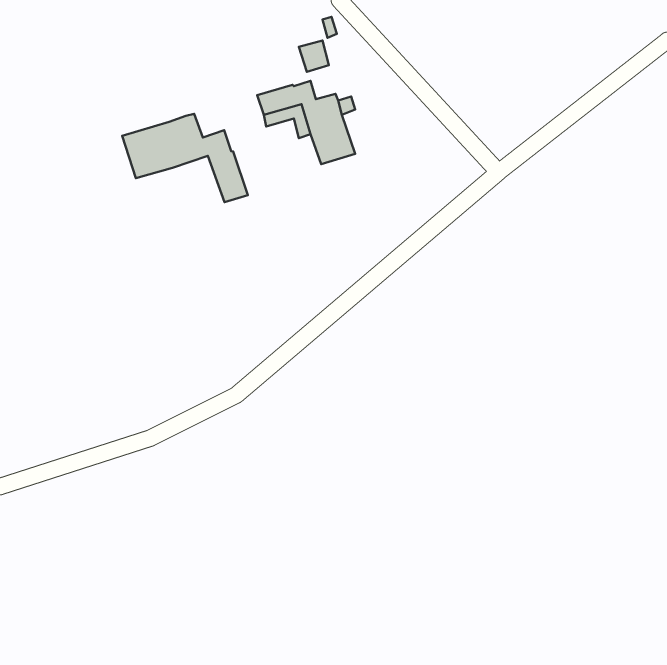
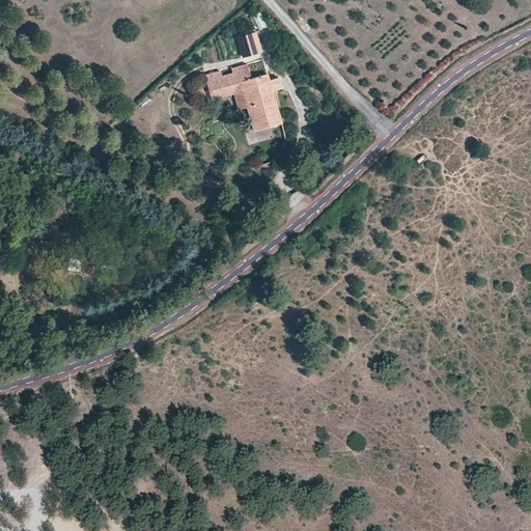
building: [122,114,248,202] -> none

